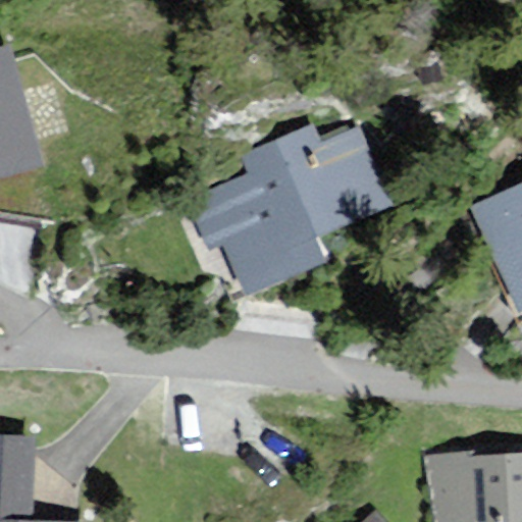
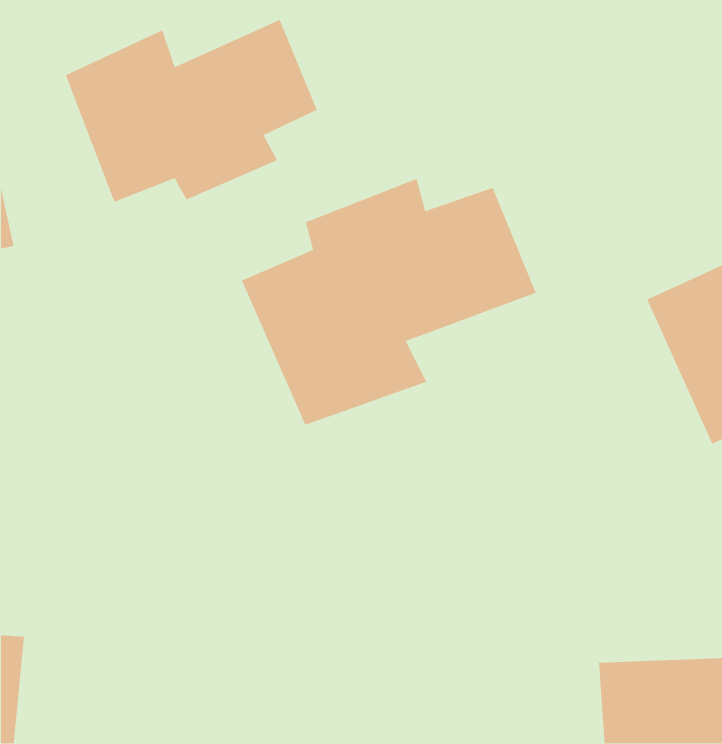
building: none -> [65,19,318,203]

